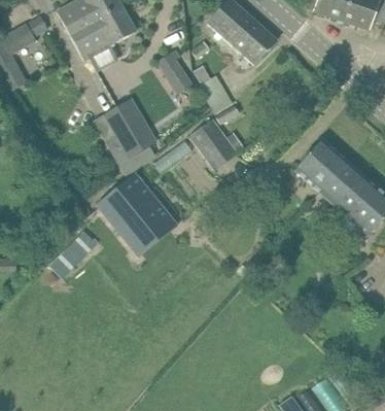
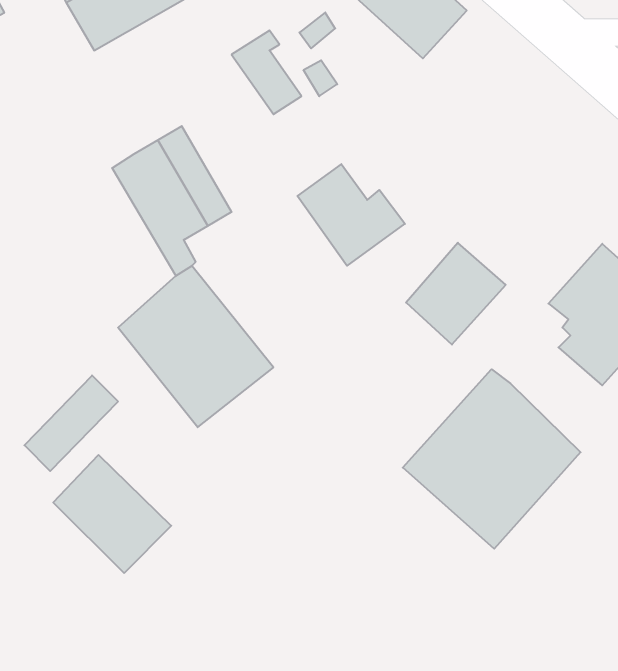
building: [295,138,347,191] -> [406,243,506,345]
building: none -> [403,369,581,549]
building: none -> [53,455,171,573]

